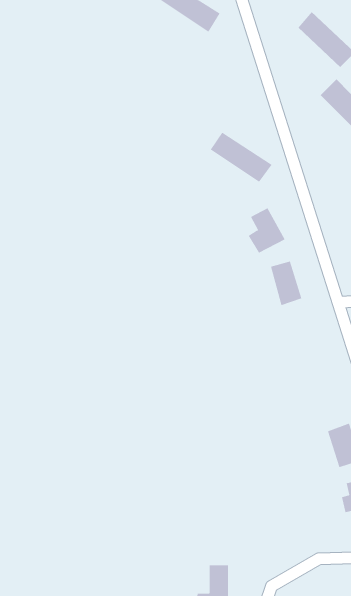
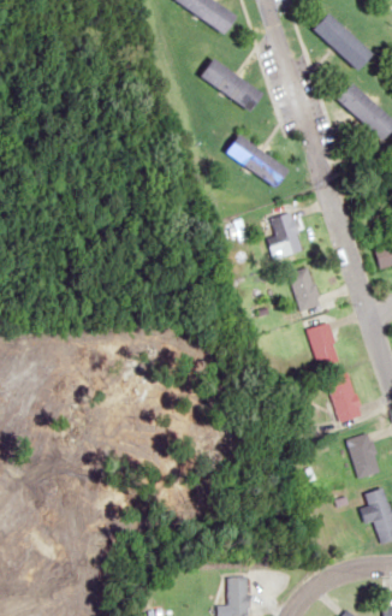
building: none -> [201,58,265,113]
building: none -> [307,322,339,367]
building: none -> [327,378,363,424]

